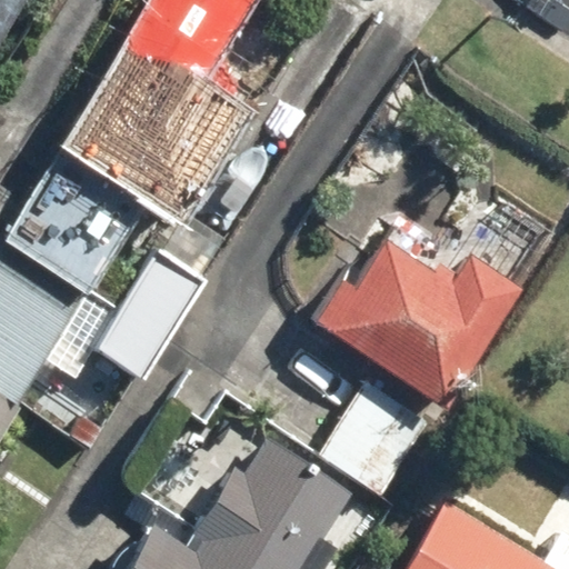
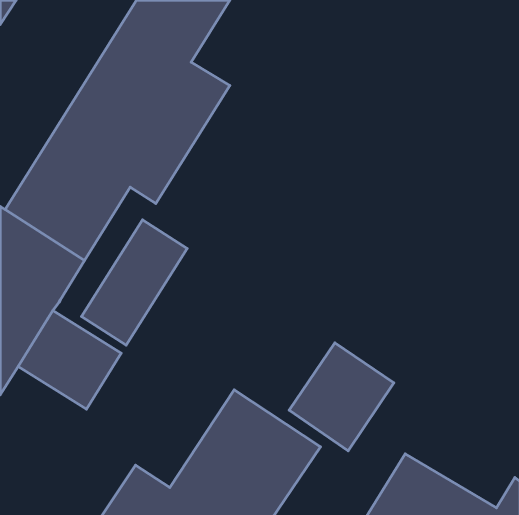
building: [308,230,526,410] -> none

